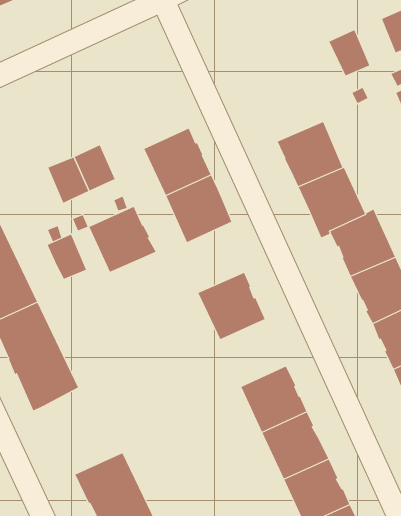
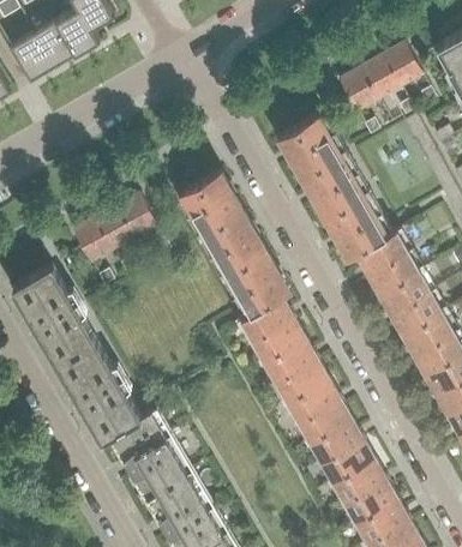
building: none -> [359,54,397,97]
building: none -> [276,113,337,174]
building: [88,206,156,273] -> [224,251,288,313]
building: [47,234,87,279] -> [71,217,109,259]
building: none -> [263,336,325,399]
building: none -> [108,408,185,493]

